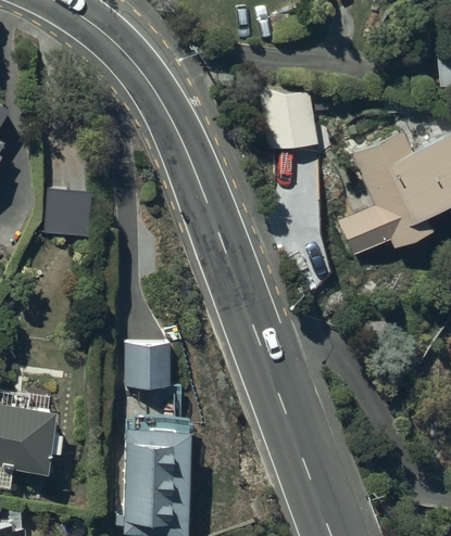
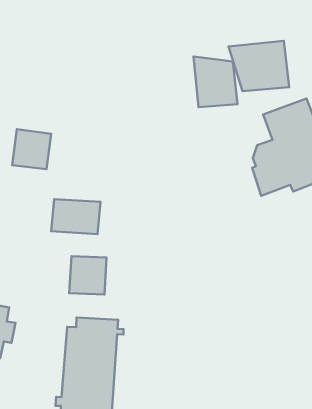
building: none -> [228,41,289,91]
building: none -> [51,199,101,234]

